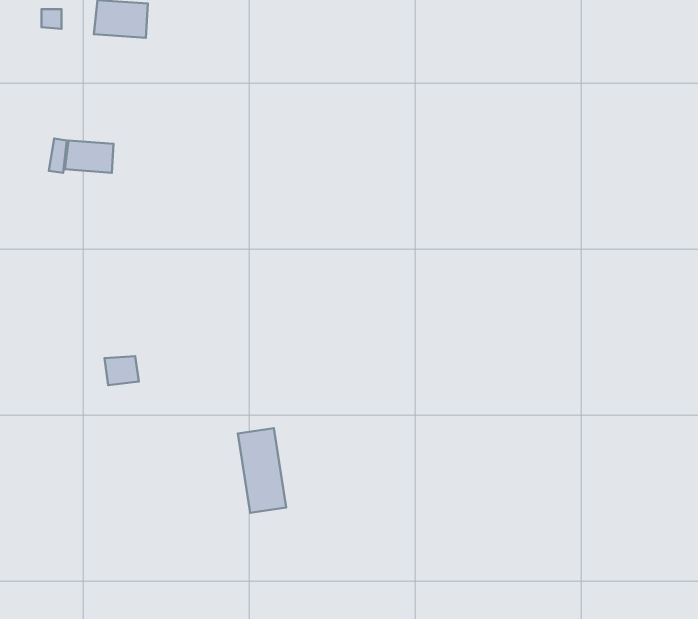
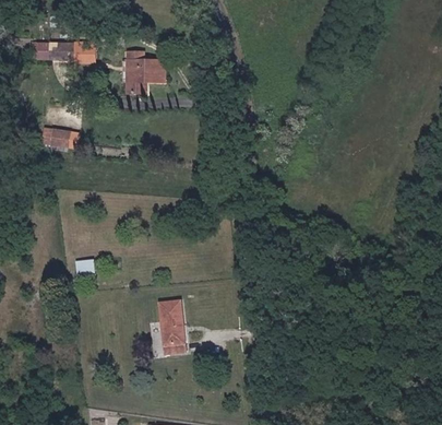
building: none -> [127,51,165,94]

